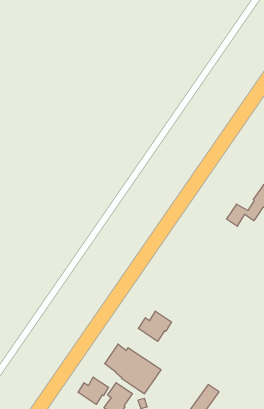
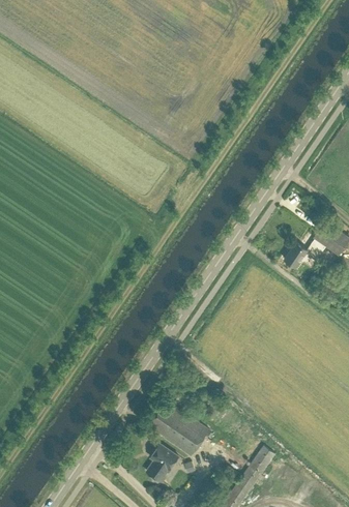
building: [138,311,171,341] -> none
building: [78,377,108,404] -> none

